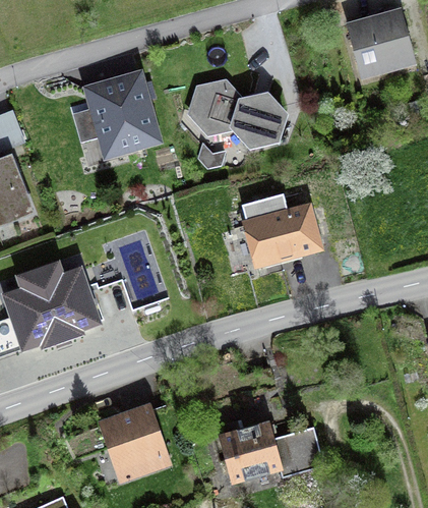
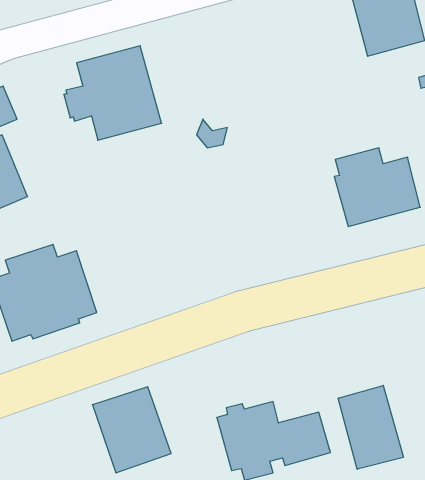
building: [186,78,288,152] -> none
building: [240,193,322,269] -> [334,148,420,226]
building: none -> [338,385,403,469]

